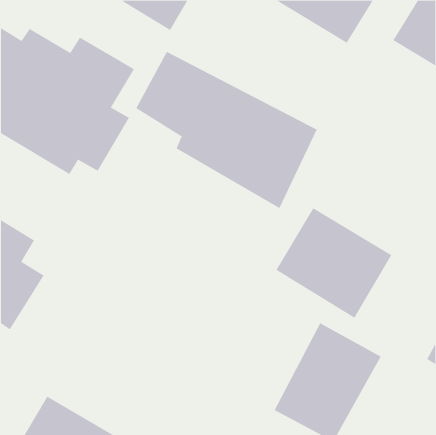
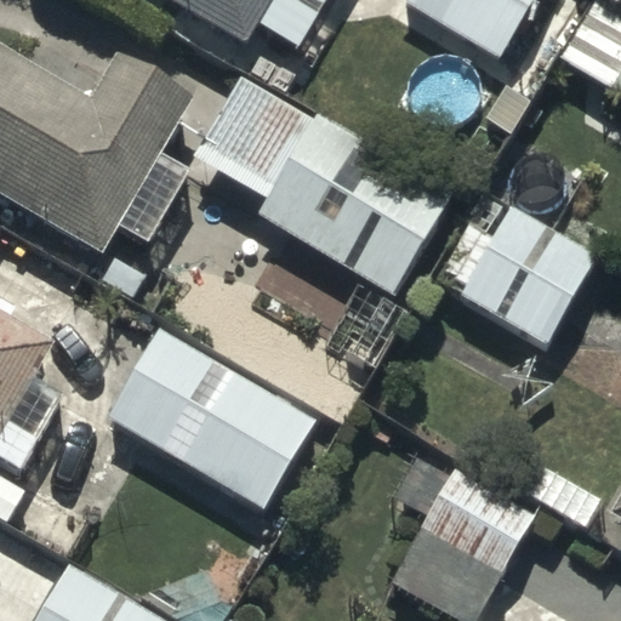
building: [275,208,392,318] -> [432,188,598,346]
building: none -> [93,317,318,517]

